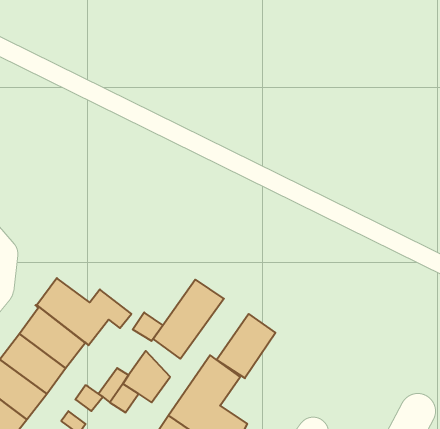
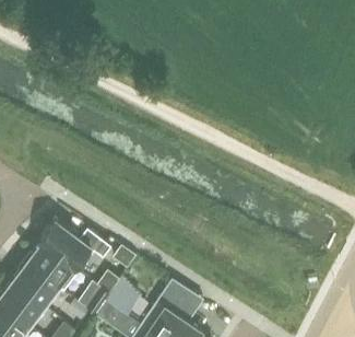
building: [153,280,224,359] -> none
building: [217,314,275,378] -> none

